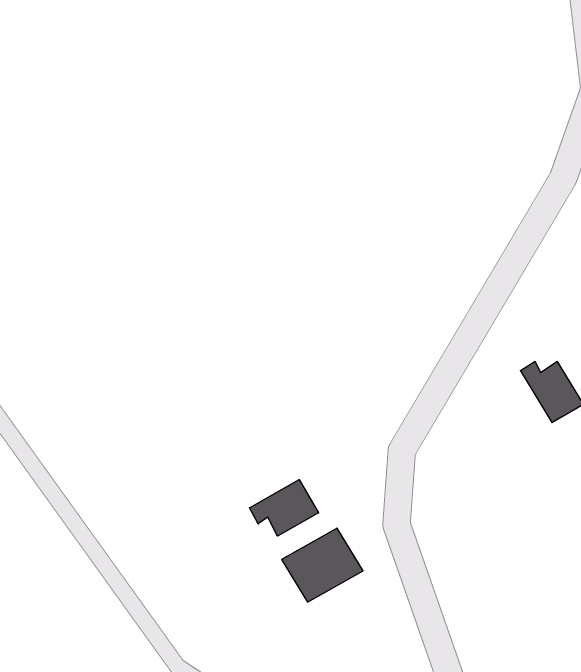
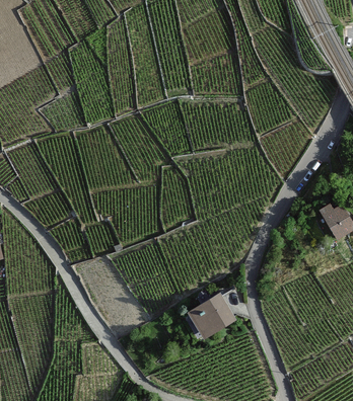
building: [249,480,319,536] -> none

